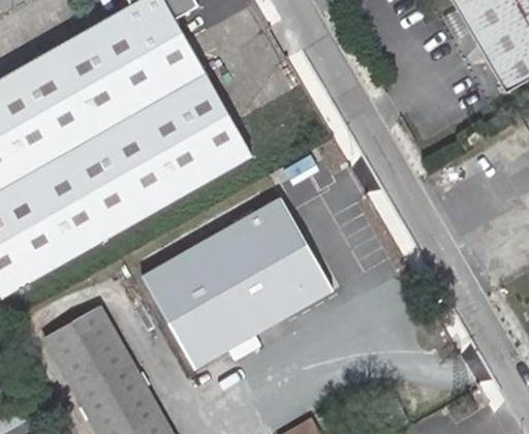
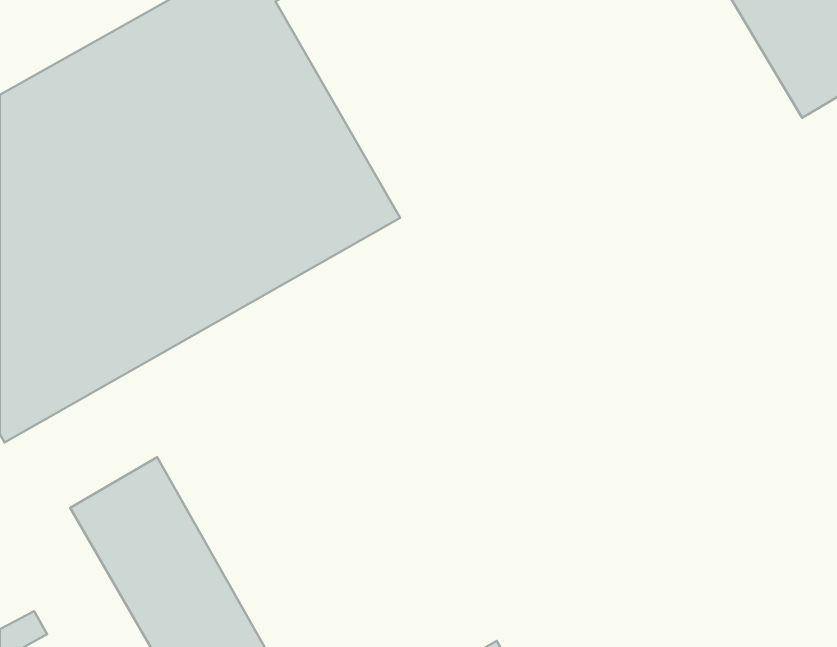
building: [143,198,333,369] -> none

